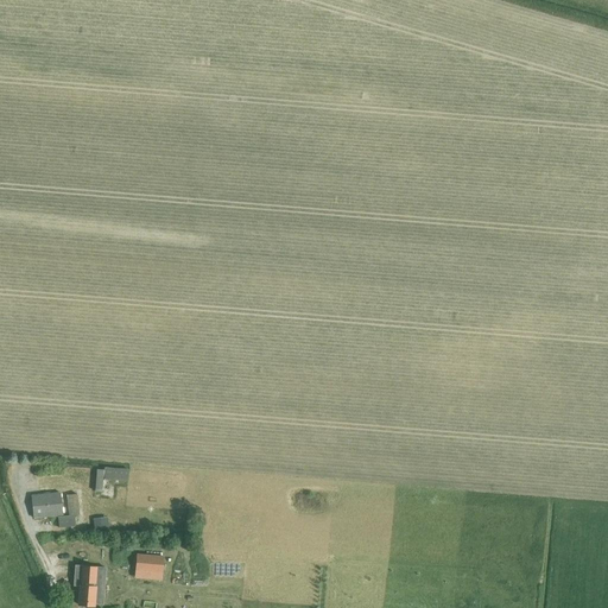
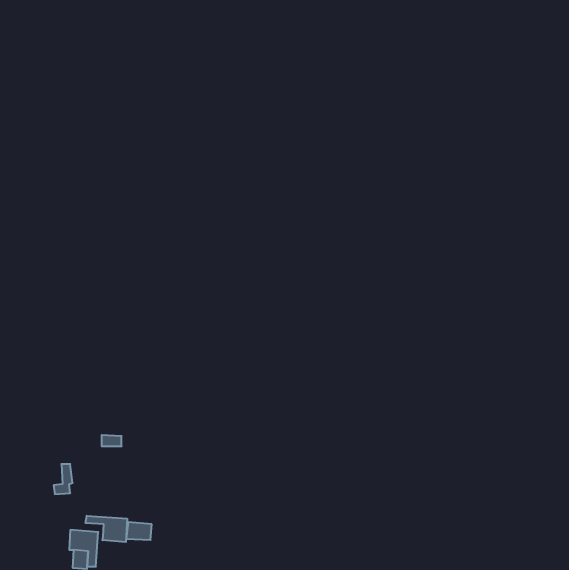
building: [30,493,62,518] -> none
building: none -> [86,516,127,542]

